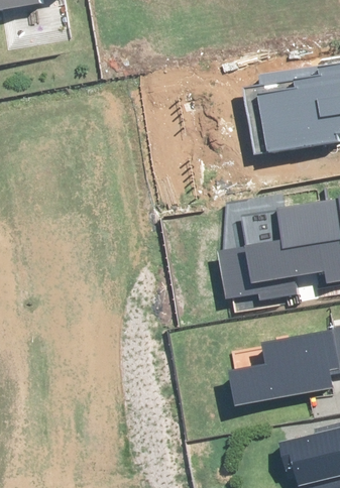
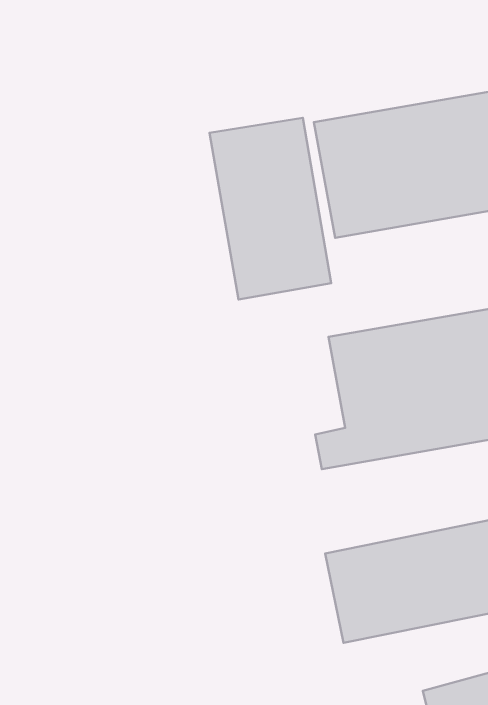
building: none -> [209,118,331,300]

